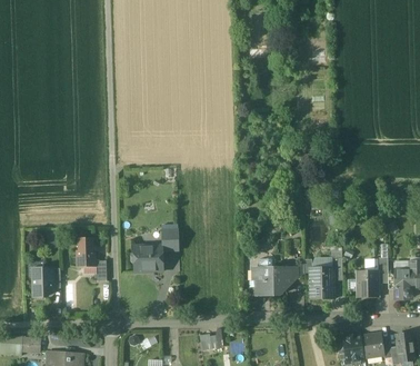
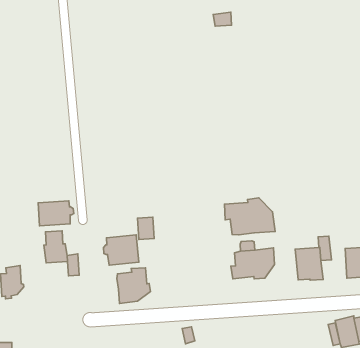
building: none -> [38,201,74,226]
building: none -> [224,198,275,235]
building: none -> [117,268,151,304]

